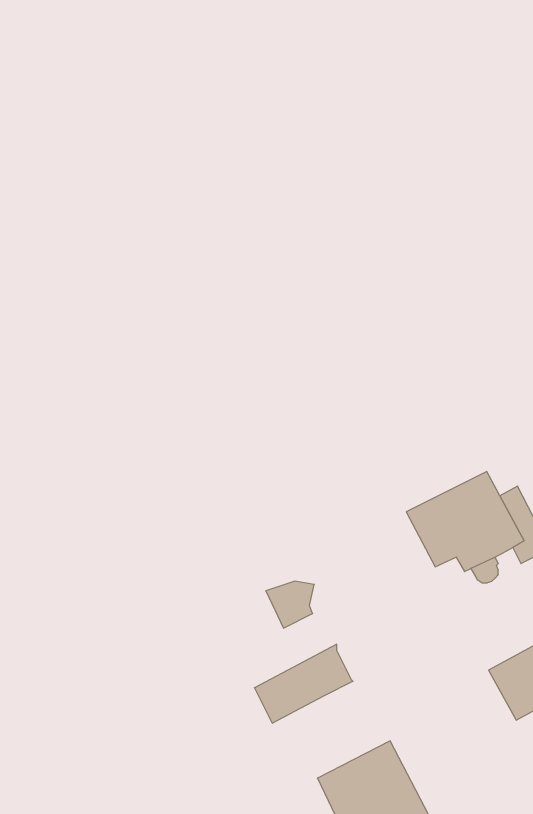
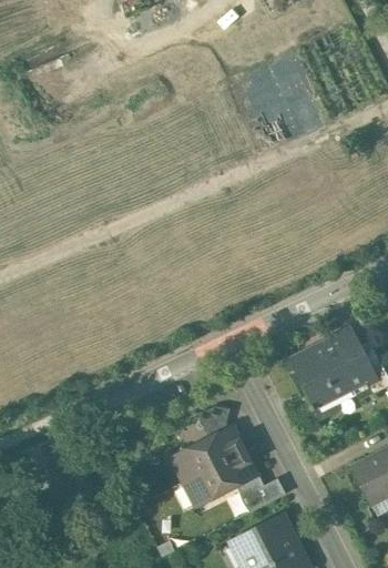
building: none -> [175,427,244,479]
building: none -> [235,473,265,511]

